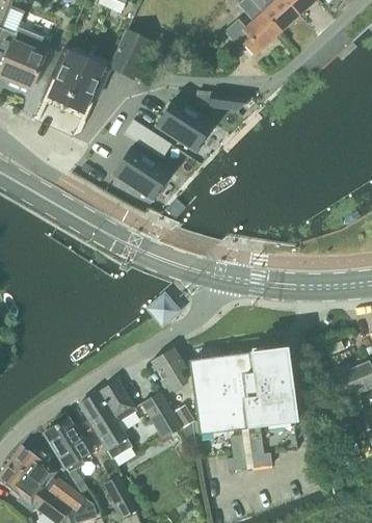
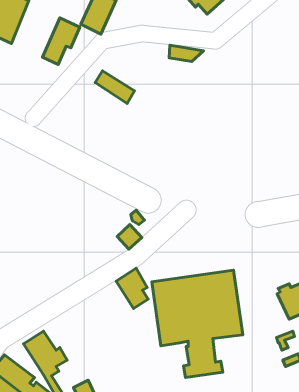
building: [49,49,86,104] -> none
building: [157,97,213,151] -> none
building: [113,146,170,199] -> none
building: [79,378,136,456] -> none
building: [142,390,195,440] -> none

